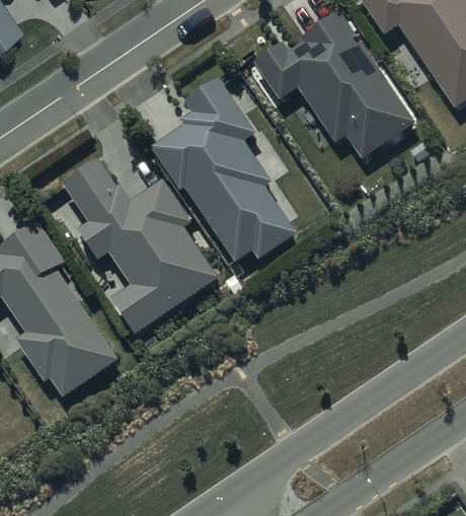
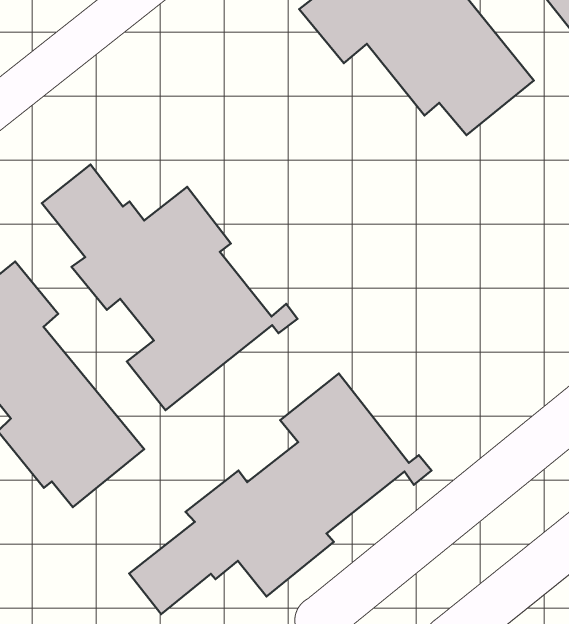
building: [151,77,296,262] -> none
building: none -> [129,374,431,614]

